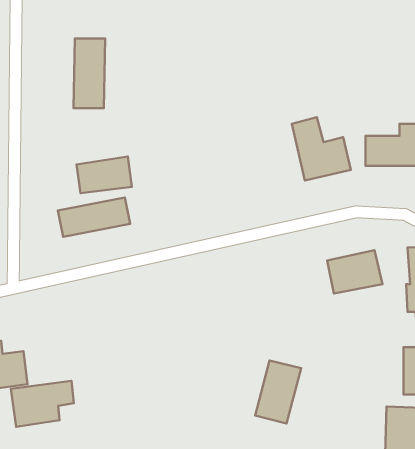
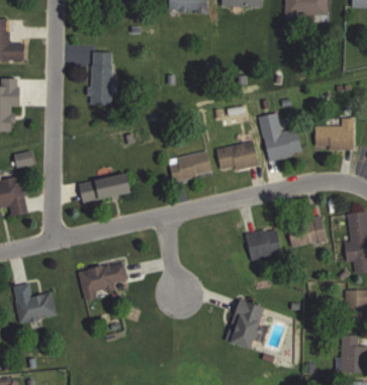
building: none -> [215,140,259,173]
building: [77,156,132,193] -> [168,152,210,180]
building: none -> [245,226,282,262]
building: [11,381,74,427] -> [78,264,126,299]

